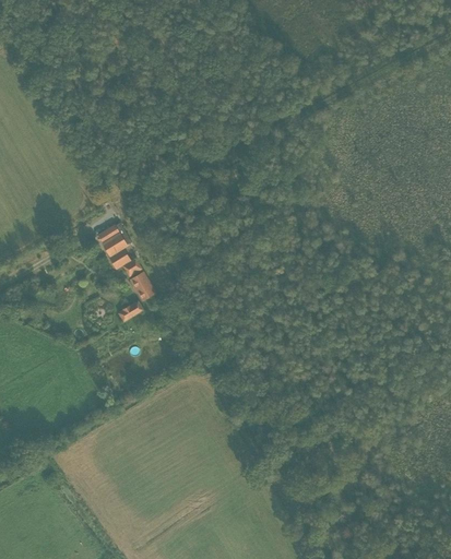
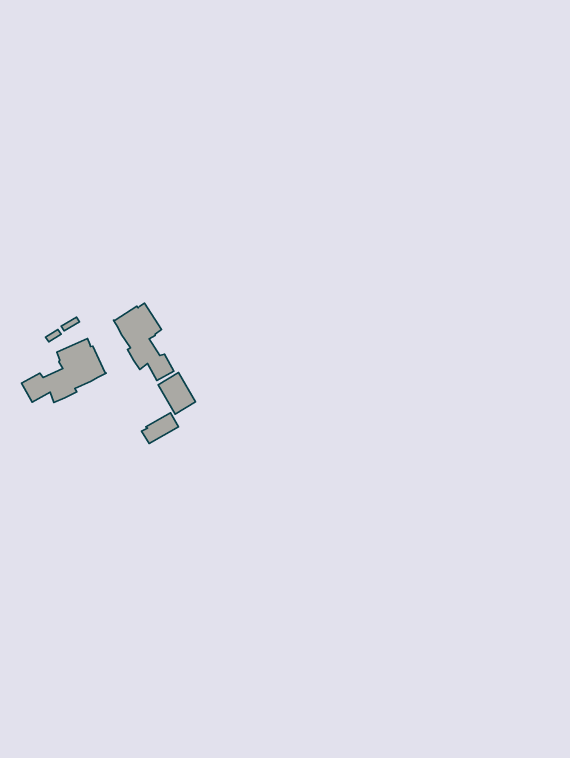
building: none -> [22,338,106,403]

